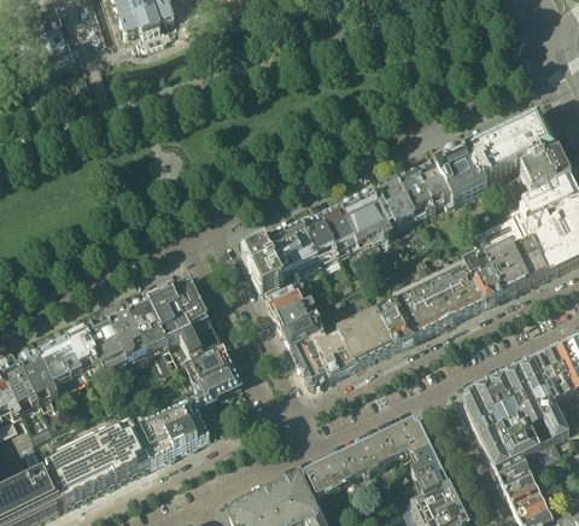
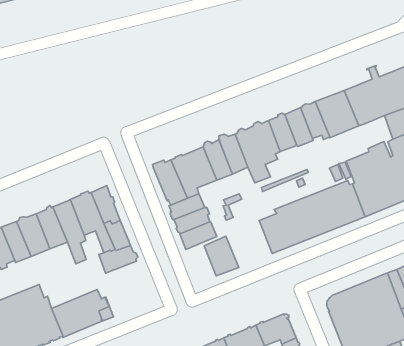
building: [335,304,393,366] -> none
building: [290,339,328,386] -> none
building: [191,367,240,408] -> none

